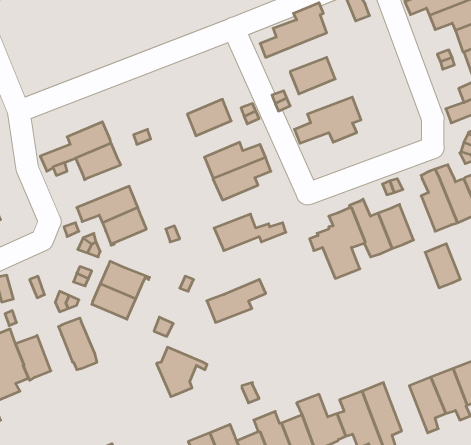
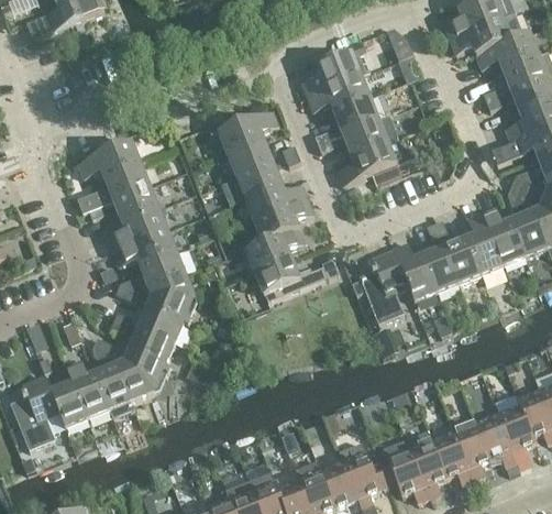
building: none -> [307,74,369,110]
building: none -> [207,109,277,154]
building: none -> [341,113,398,154]
building: none -> [77,140,140,177]
building: none -> [235,161,280,198]
building: none -> [109,206,167,250]
building: none -> [147,272,195,321]
building: [425,244,460,288] -> [444,238,481,283]
building: [207,279,266,322] -> [245,227,306,271]
building: none -> [65,359,109,417]
building: [157,347,207,397] -> [118,349,169,400]
building: none -> [432,433,473,485]

